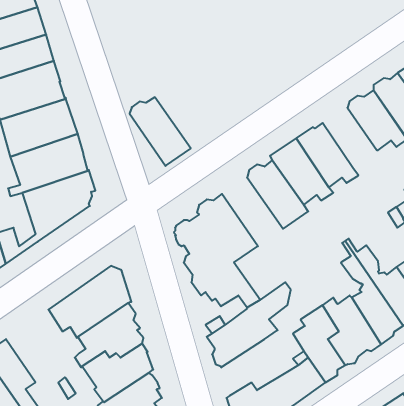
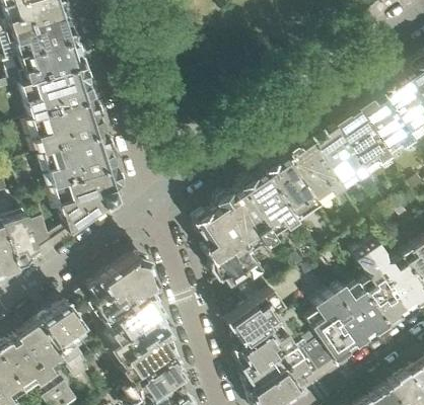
building: [130,97,191,166] -> [241,173,298,237]
building: none -> [335,108,391,164]
building: none -> [41,303,87,369]
building: none -> [237,323,302,376]

